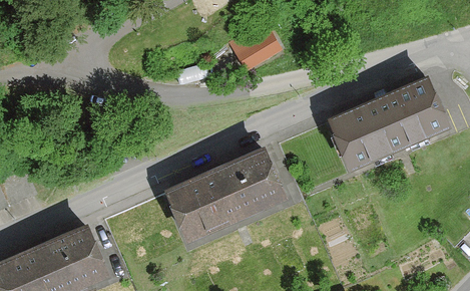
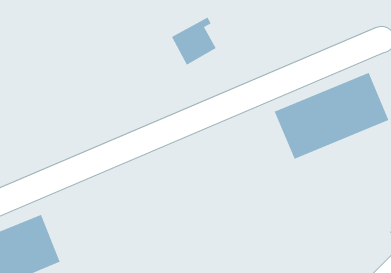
building: [166,148,286,238] -> none

